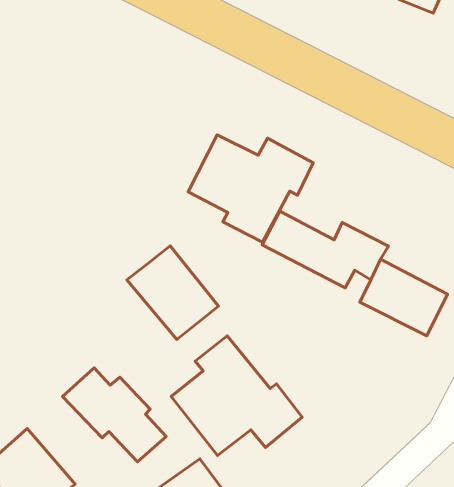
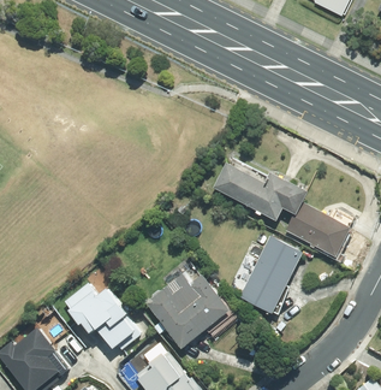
building: [188,135,313,242] -> none
building: [127,246,218,340] -> none
building: none -> [240,237,302,313]

